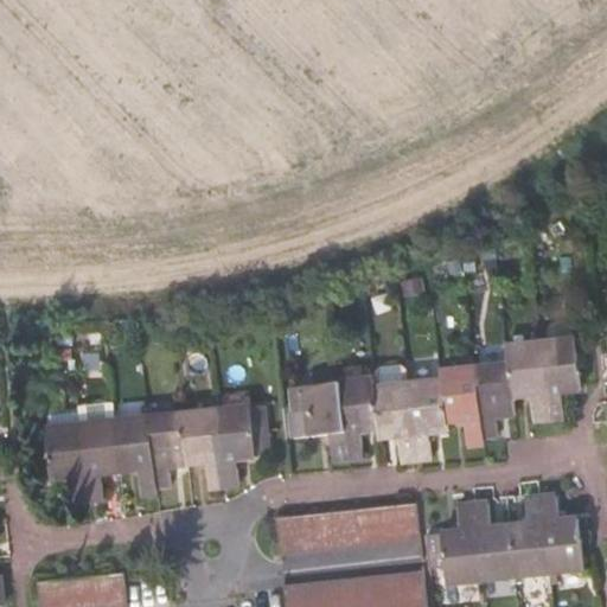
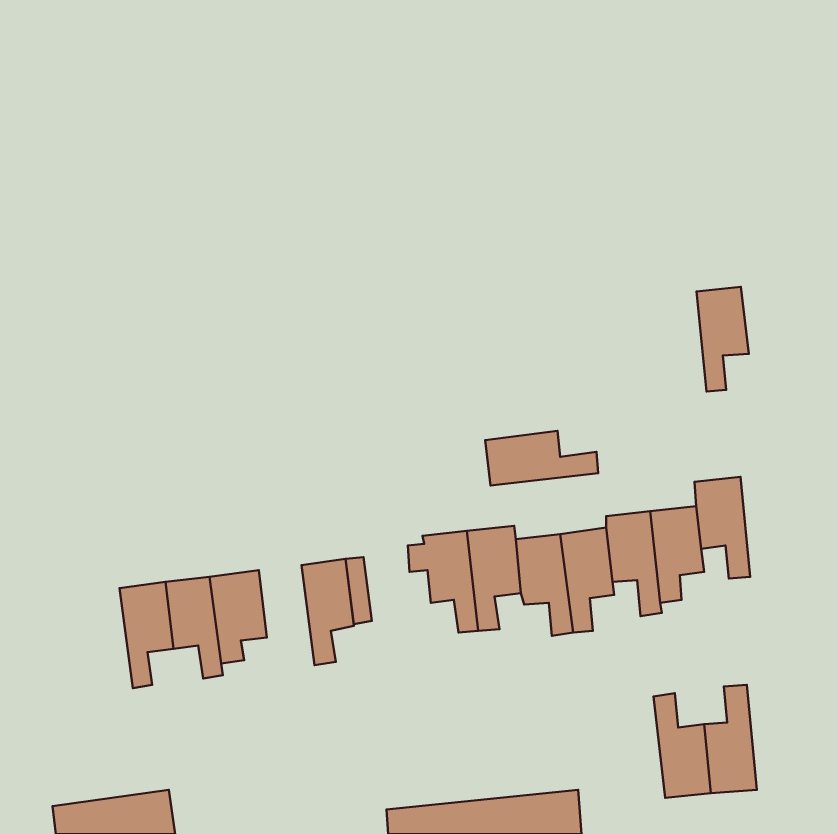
building: none -> [485,431,598,486]
building: [536,341,574,417] -> [697,287,749,392]
building: [187,409,228,484] -> none
building: [55,426,96,499] -> none
building: [541,494,580,571] -> none
building: [433,504,481,581] -> none
building: [270,506,413,558] -> none

